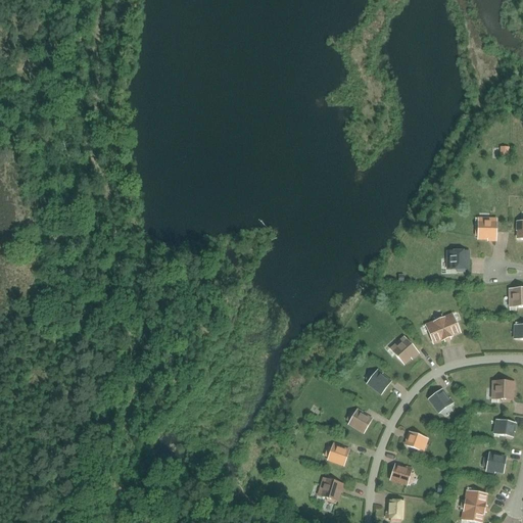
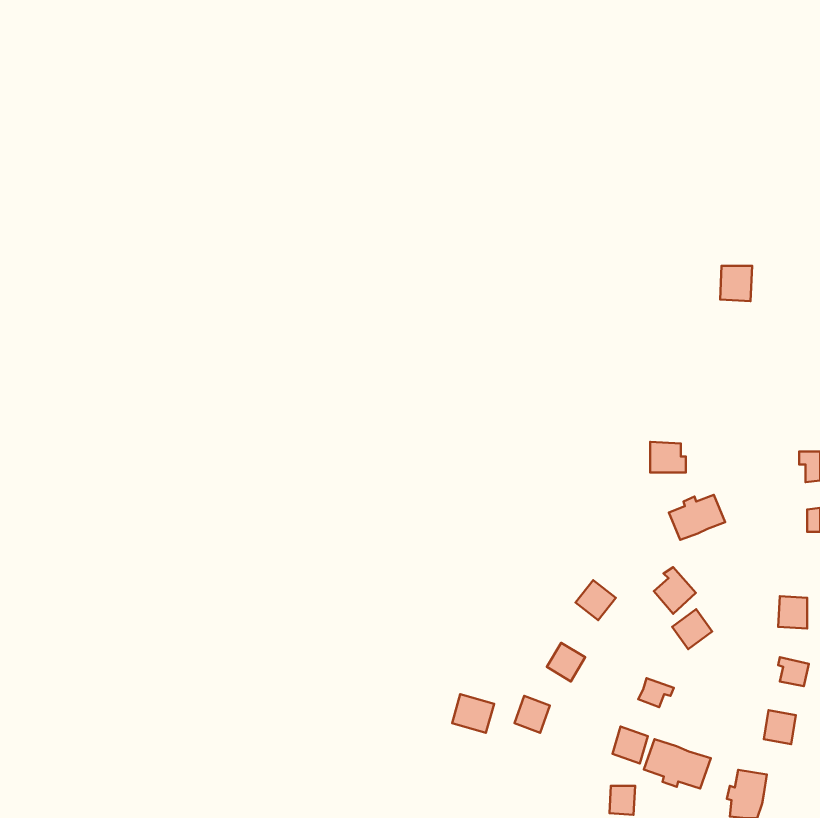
building: [476,217,496,239] -> [720,266,752,301]
building: [445,249,468,269] -> [650,442,686,472]
building: [391,335,418,365] -> [654,567,696,614]
building: none -> [644,739,711,789]
building: [317,476,343,501] -> [452,694,494,733]

